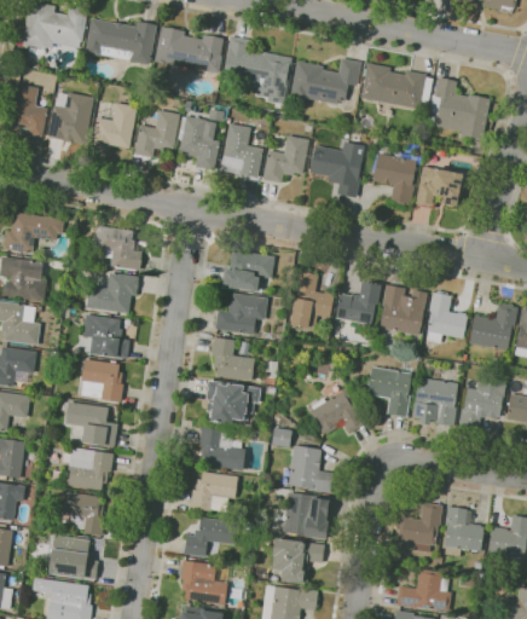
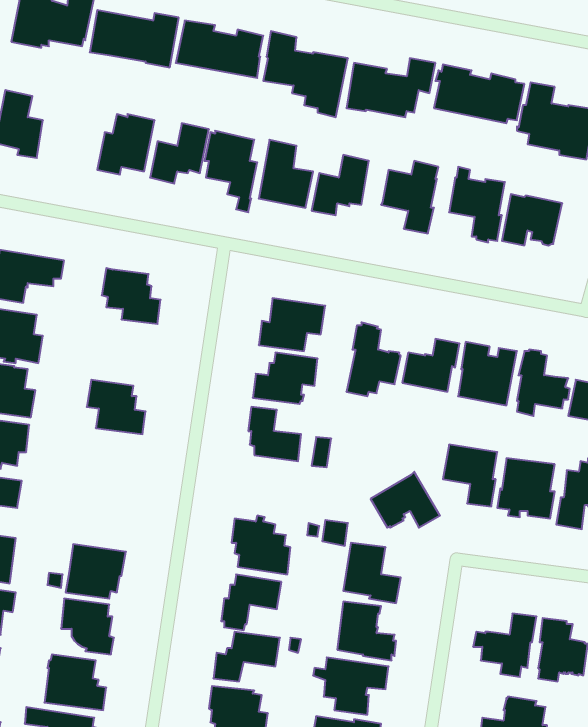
building: [47,92,93,144] -> none
building: [86,272,139,313] -> none
building: [81,358,123,401] -> none
building: [205,380,261,424] -> none
building: [65,400,117,446] -> none

